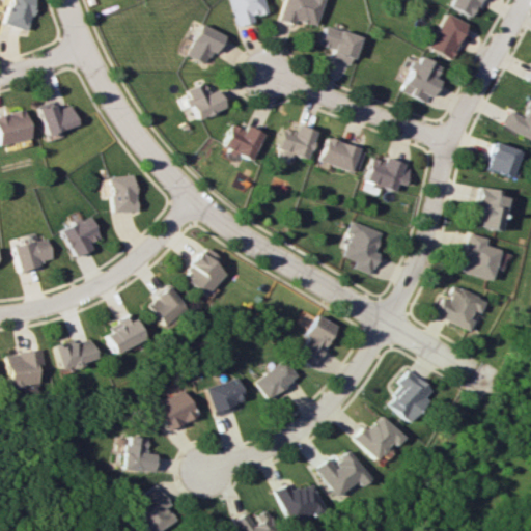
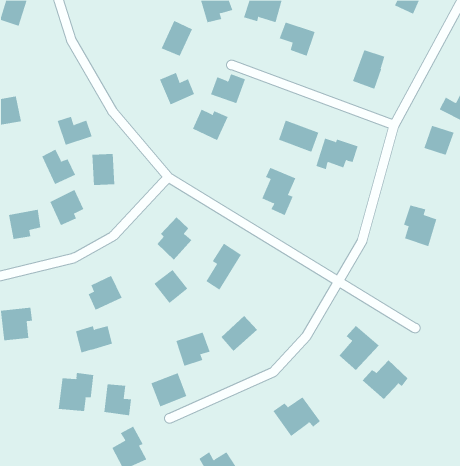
building: [432,13,472,59] -> none
building: [39,102,80,135] -> [57,116,92,146]
building: [280,125,320,160] -> [210,74,246,104]
building: none -> [42,149,76,185]
building: [477,188,511,231] -> none
building: [347,221,387,276] -> [262,167,296,216]
building: [441,284,488,331] -> none
building: [149,287,189,327] -> [154,269,188,304]
building: [300,314,341,368] -> [205,243,242,290]
building: [56,339,99,370] -> [75,326,113,353]
building: [157,391,198,430] -> [151,372,187,407]
building: [355,415,408,460] -> [362,359,408,400]
building: none -> [58,372,94,412]
building: [276,483,325,523] -> none

